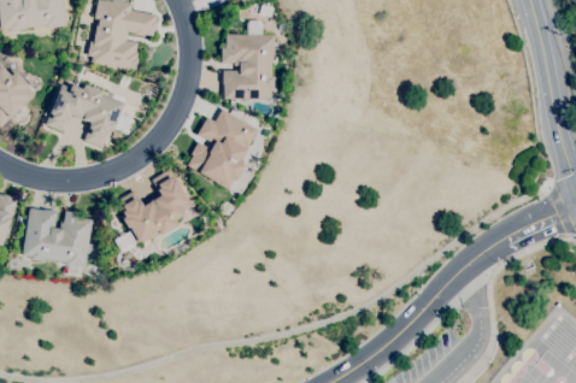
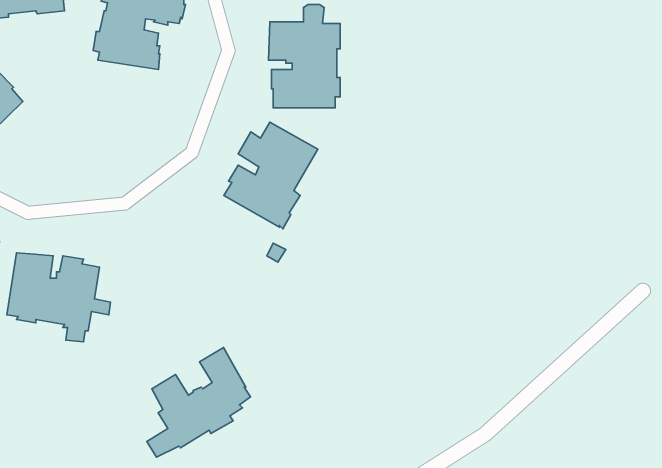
building: [46,84,134,148] -> none
building: [113,169,192,252] -> [147,347,251,457]

